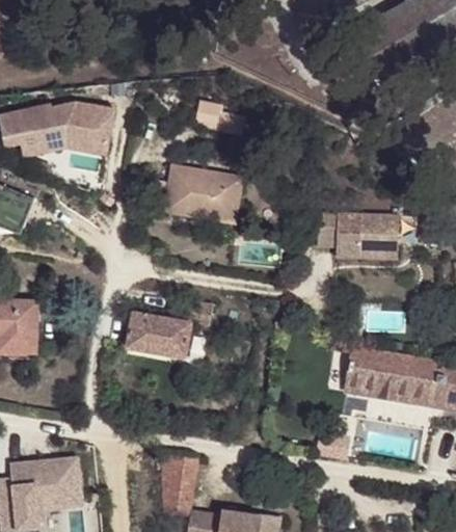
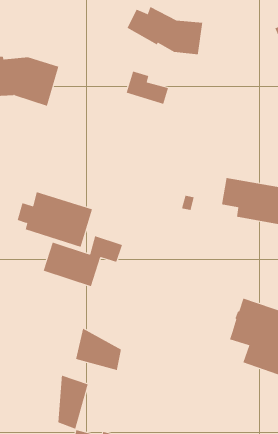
building: none -> [127,6,203,55]
building: [151,168,235,224] -> [17,191,93,247]
building: none -> [76,328,121,371]

